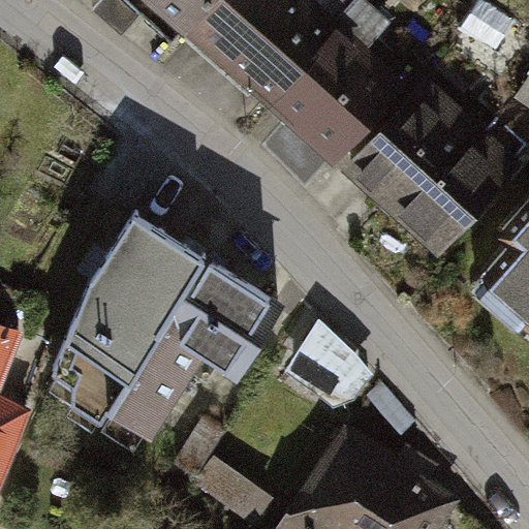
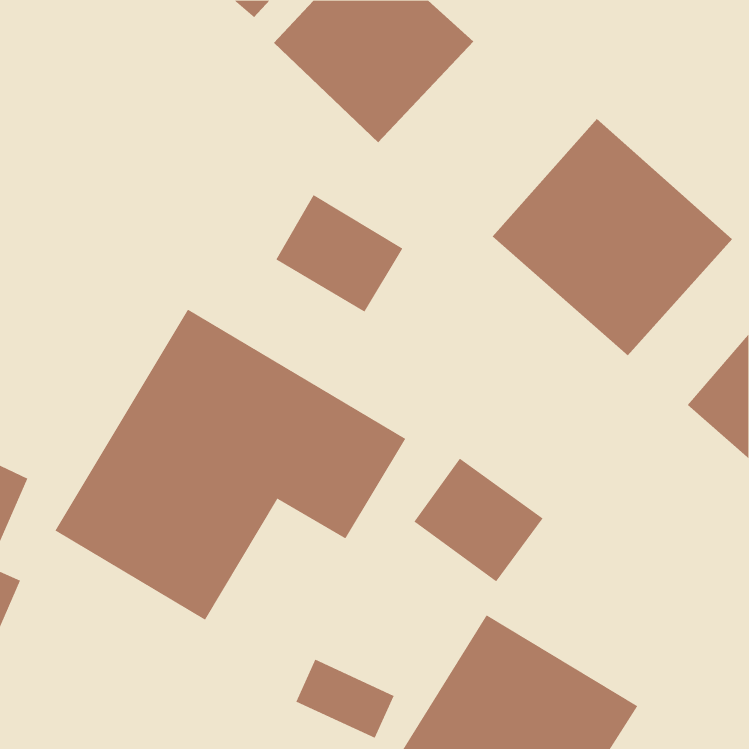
building: [272,38,400,165] -> none
building: none -> [275,194,403,312]

